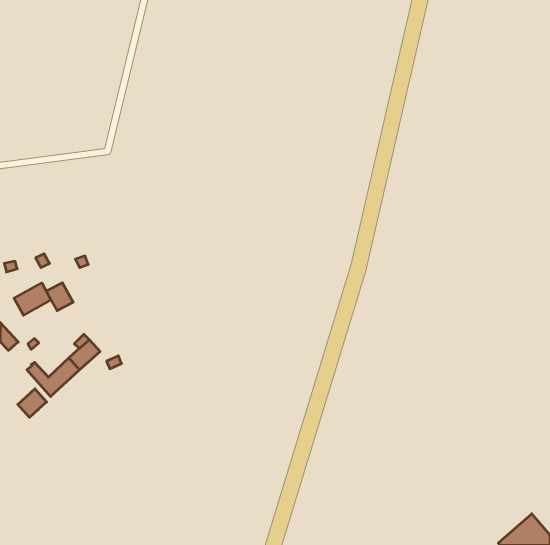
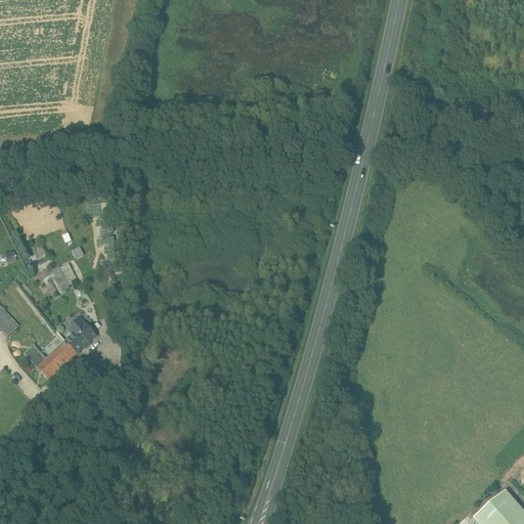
building: [14,283,51,315] -> none
building: [18,389,47,417] -> none

